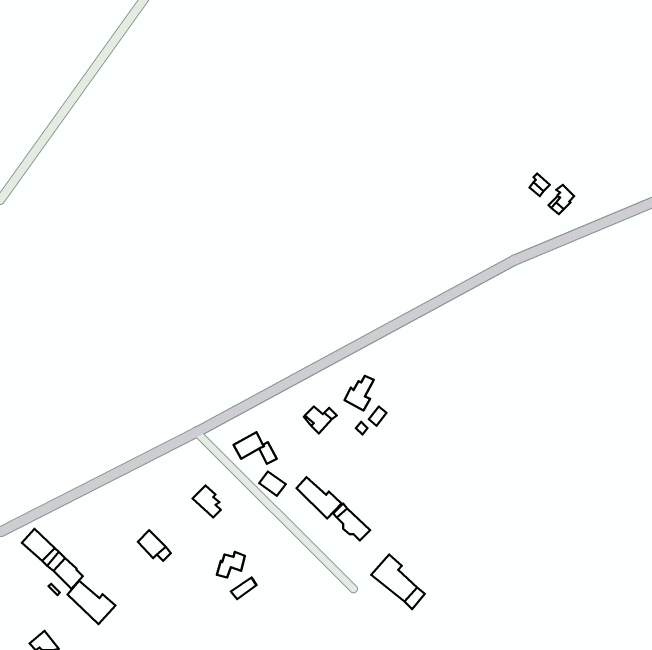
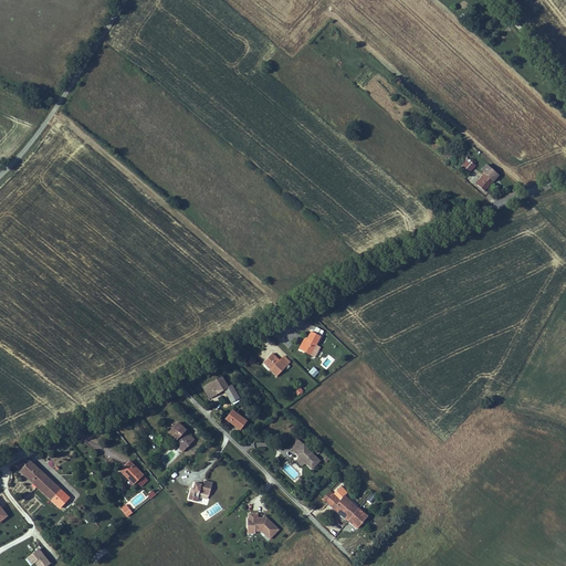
building: [297,477,342,519] -> none
building: [68,581,115,624] -> none
building: none -> [248,512,280,539]

